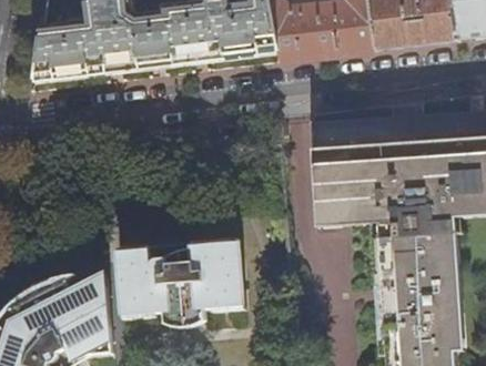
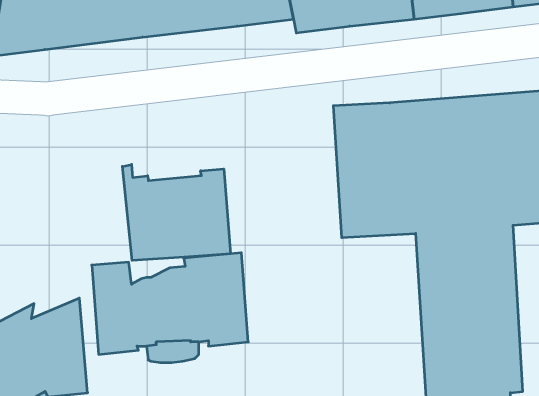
building: none -> [122,164,230,260]

